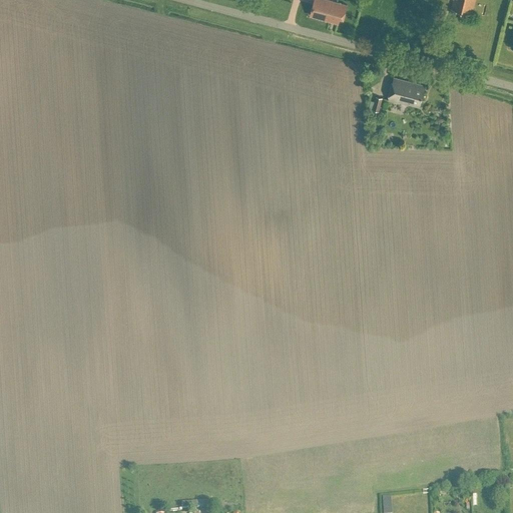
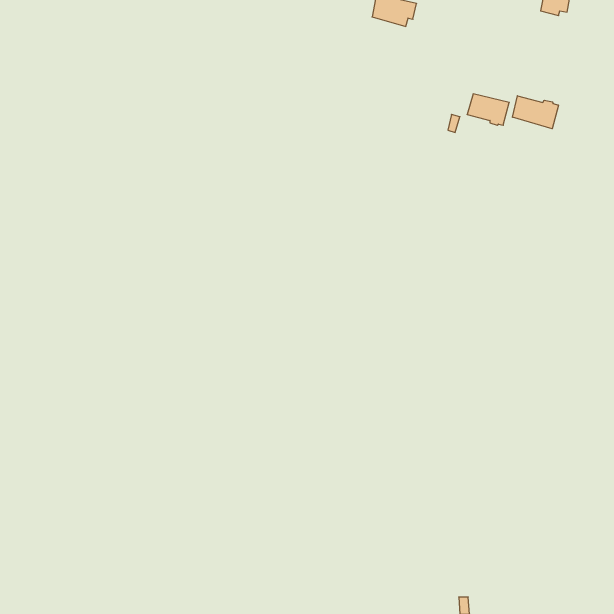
building: none -> [512,96,558,129]

